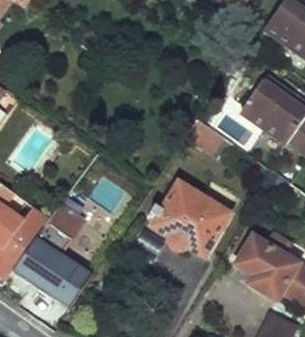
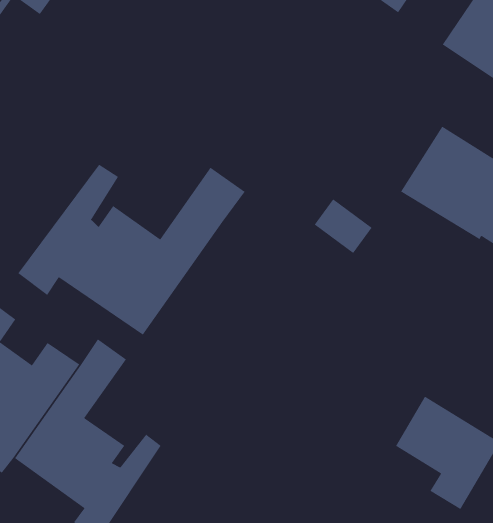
building: none -> [18,164,246,336]
building: [151,185,230,260] -> none

